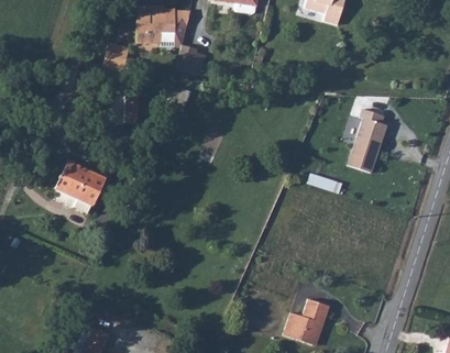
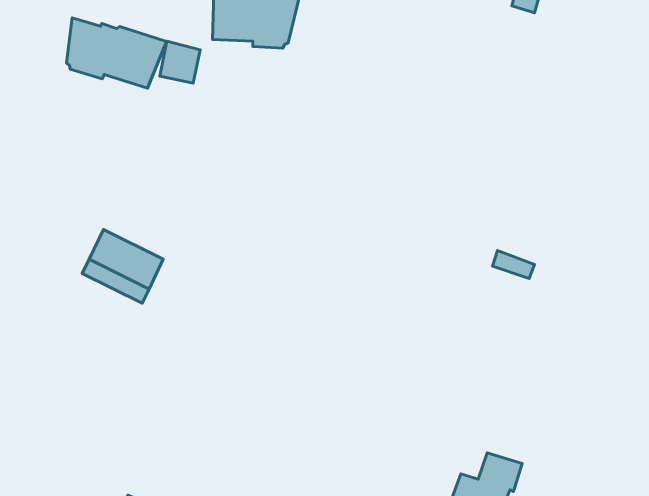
building: none -> [67,18,167,88]
building: [347,109,386,173] -> none

